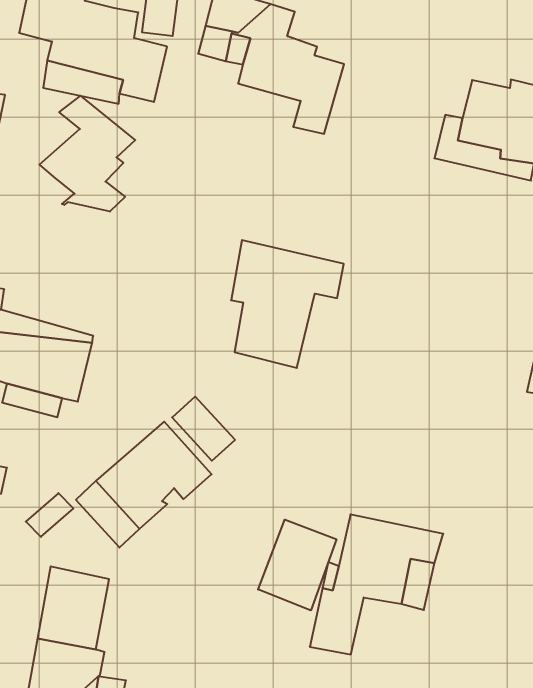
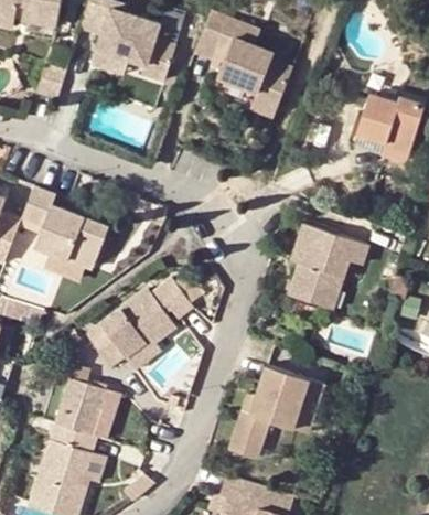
building: [39,96,135,212] -> none
building: [231,240,344,368] -> [291,219,368,307]
building: [258,520,336,610] -> none

